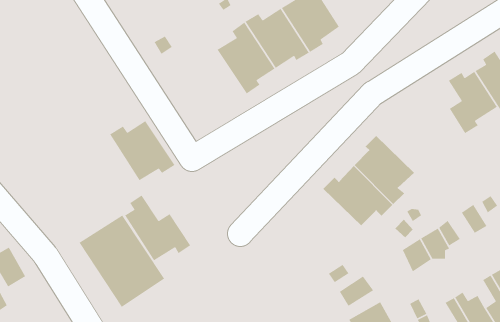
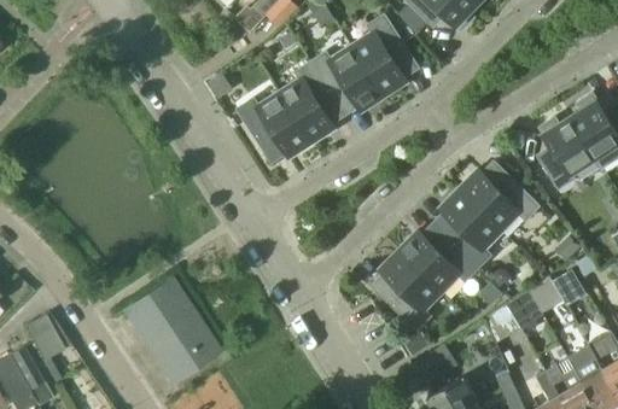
building: none -> [459,162,538,232]
building: [109,120,176,181] -> [238,93,313,162]
building: none -> [372,250,442,331]
building: [124,194,191,273] -> none

